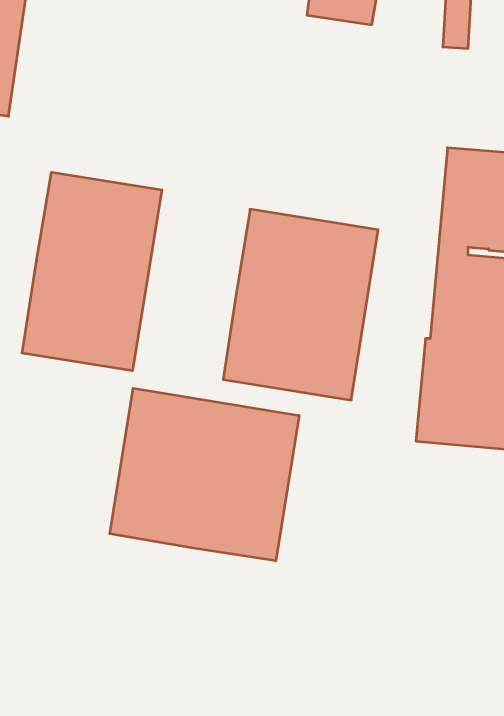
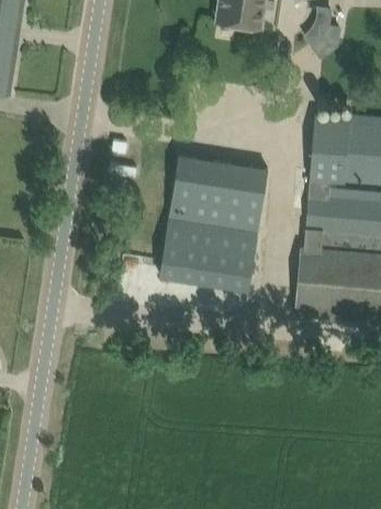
building: [22,172,162,371] -> none
building: [110,388,299,561] -> none

